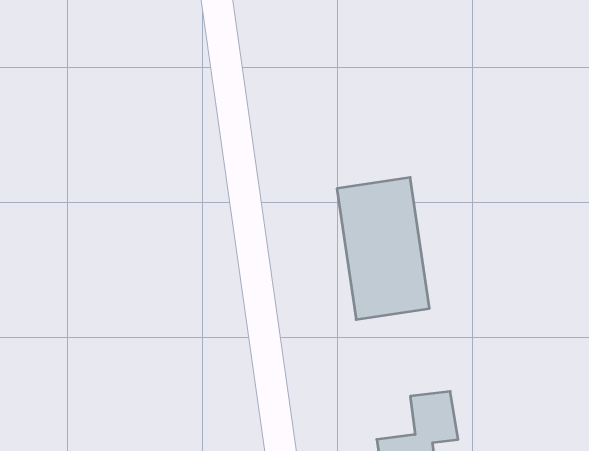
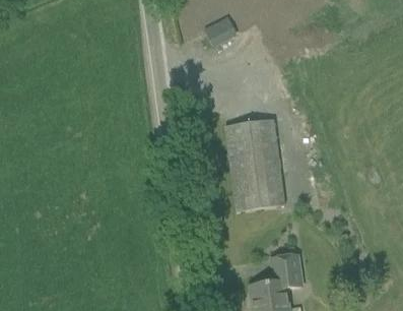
building: none -> [206,14,239,44]

